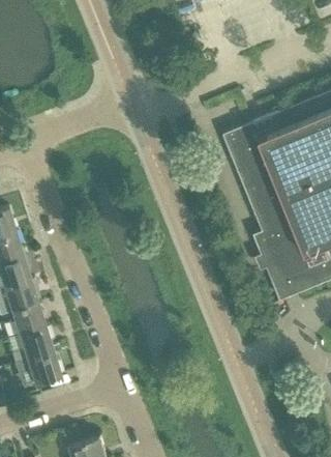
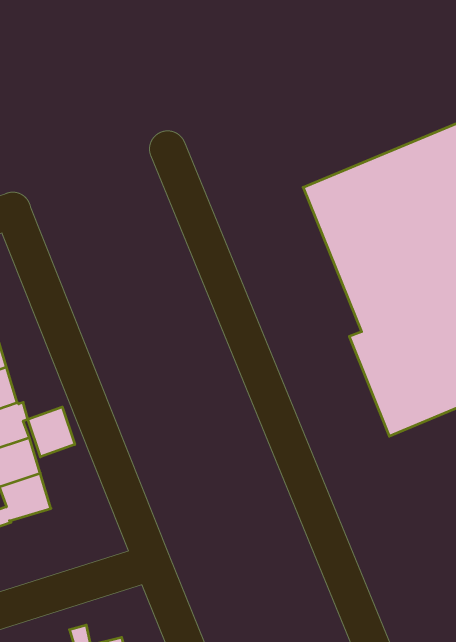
building: none -> [28,407,75,457]
building: [25,351,60,384] -> none

